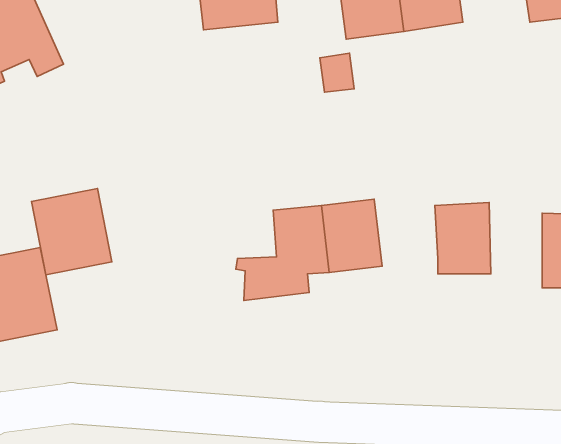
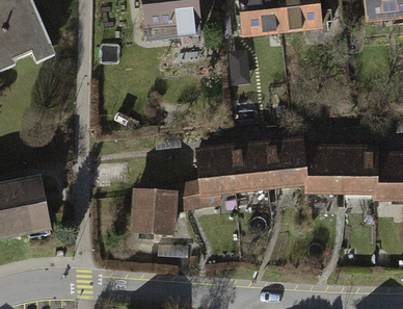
building: [31,188,112,275] -> none
building: none -> [262,139,304,188]
building: none -> [339,146,375,194]
building: none -> [128,188,176,234]

